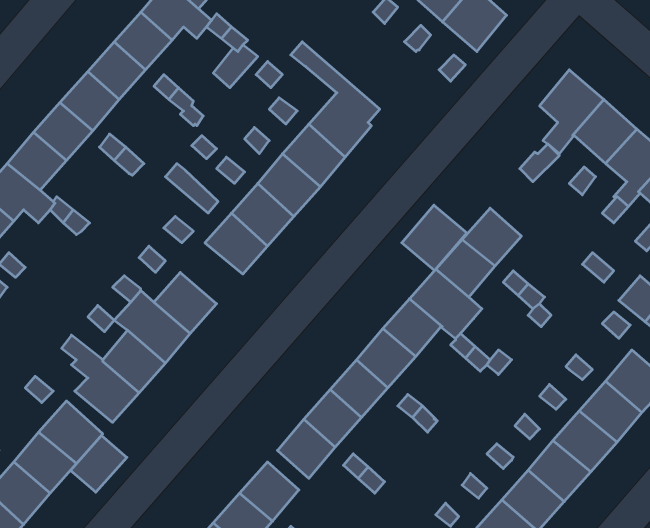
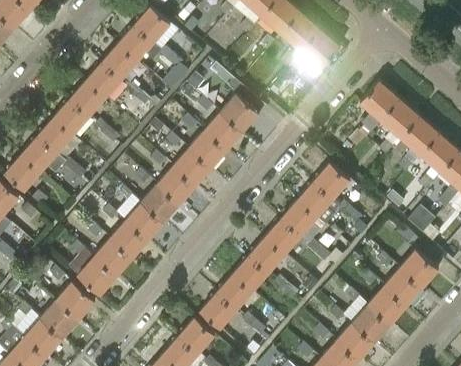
building: [402,205,467,271] -> none
building: none -> [142,185,180,222]
building: [70,435,127,492] -> none

